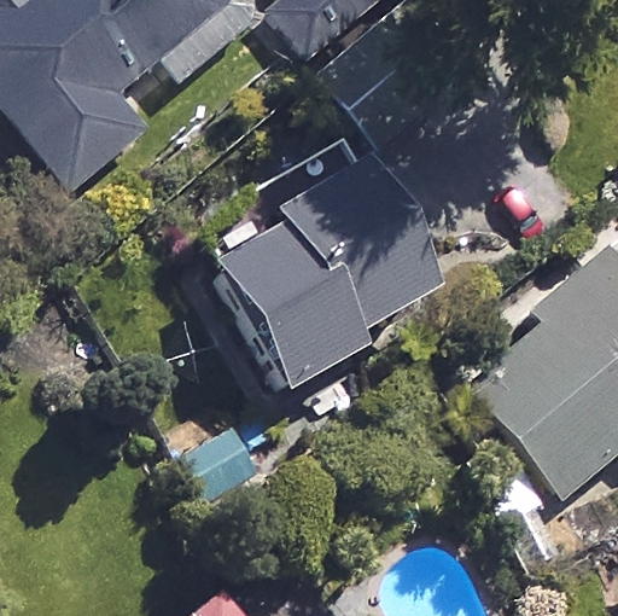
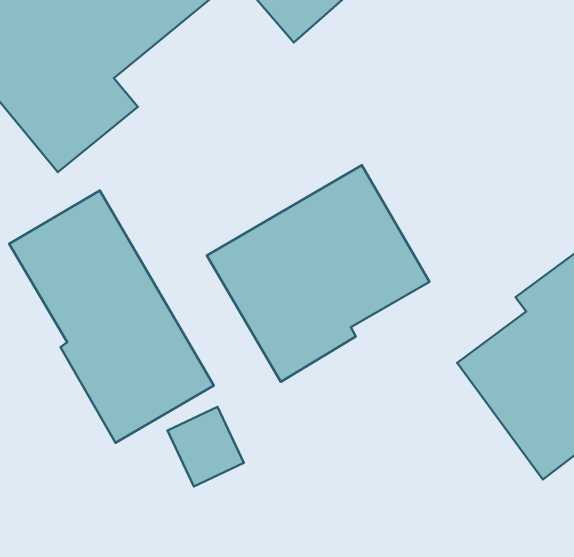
building: none -> [9,190,214,443]

